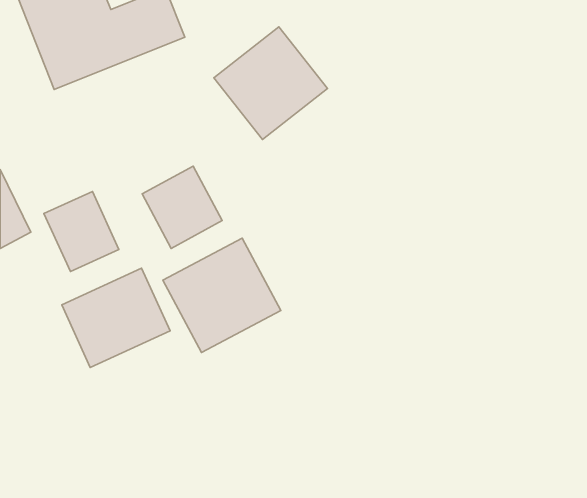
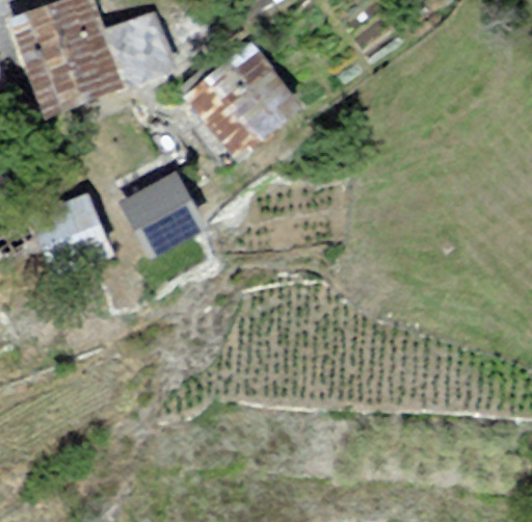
building: [163,238,281,353] -> none
building: [62,268,170,368] -> none

